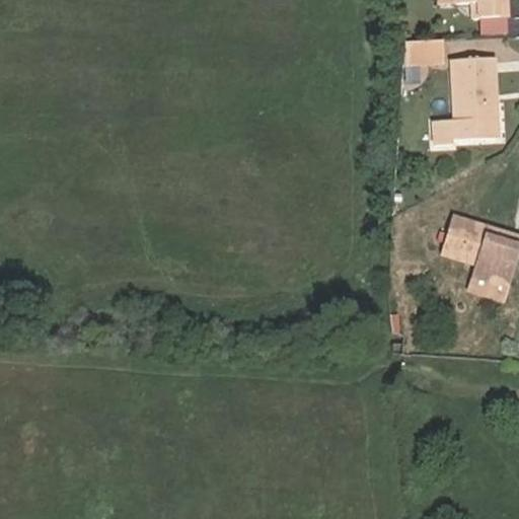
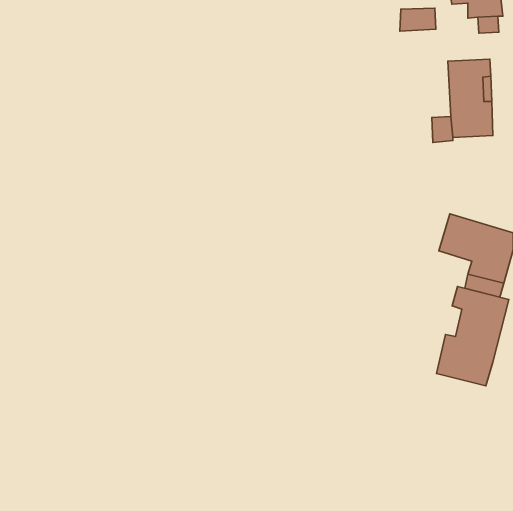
building: [403,40,440,63] -> [400,8,436,31]
building: none -> [437,287,509,386]

